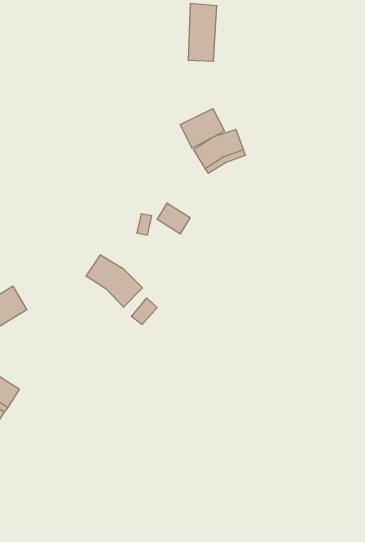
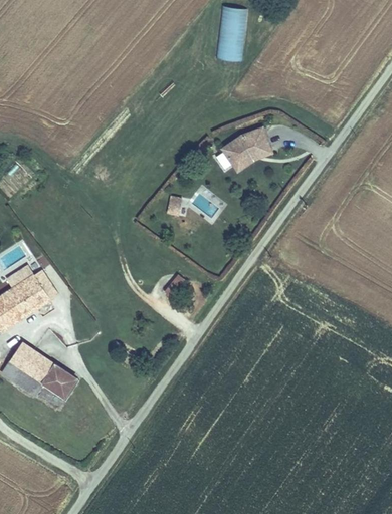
building: [180,109,225,148] -> none
building: [86,255,142,307] -> none
building: none -> [47,367,77,397]

